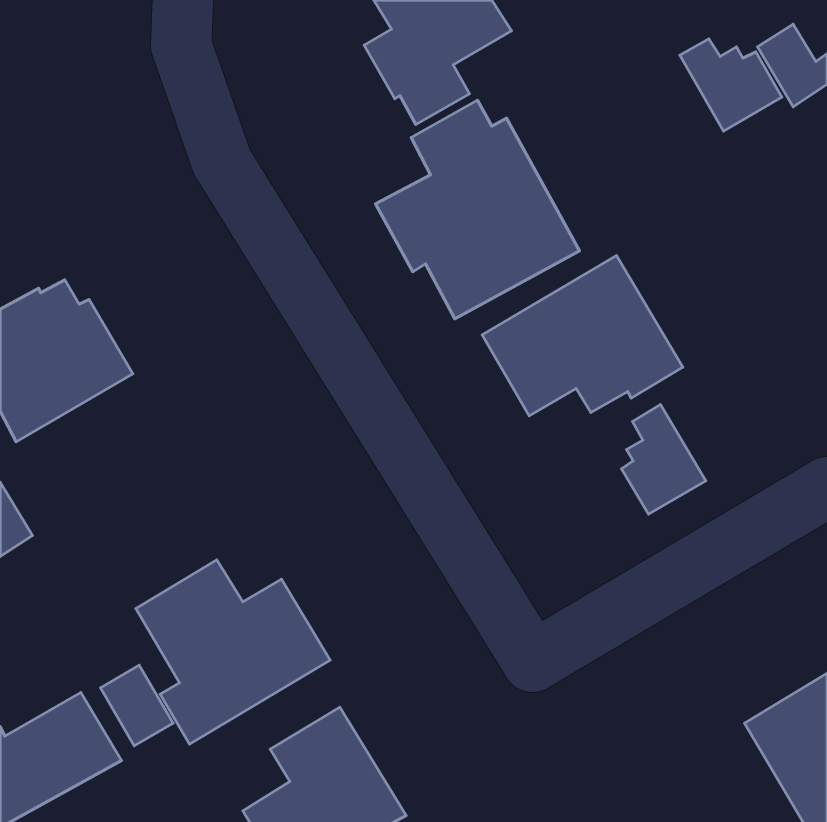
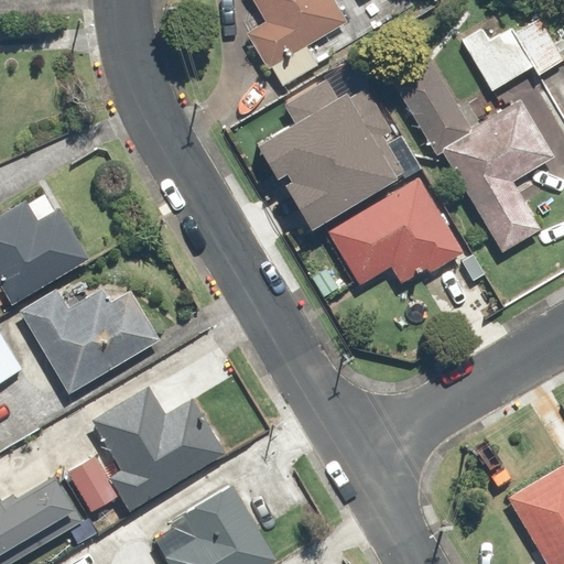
building: none -> [393,59,556,254]
building: [621,404,706,514] -> none
building: none -> [19,286,161,393]

